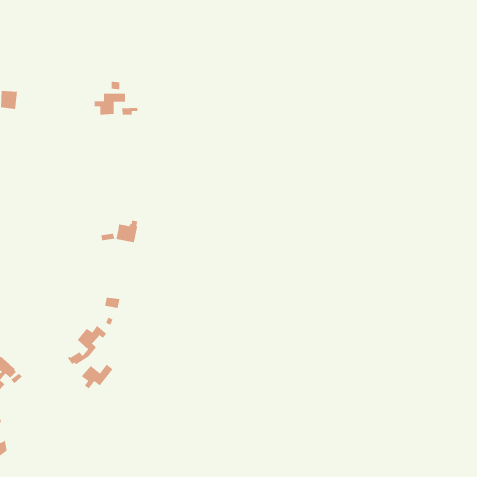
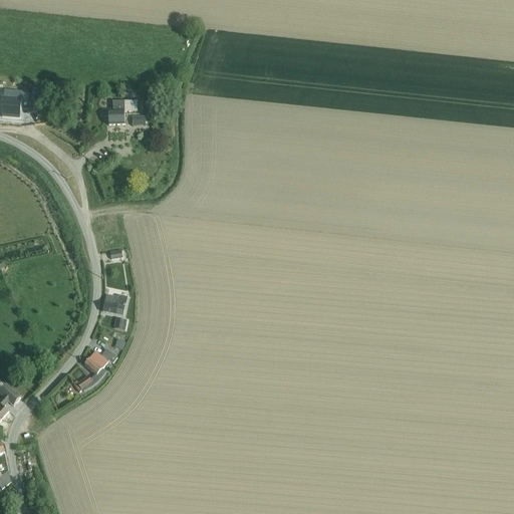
building: [116,220,138,243] -> [100,289,124,314]
building: [81,364,114,389] -> none

